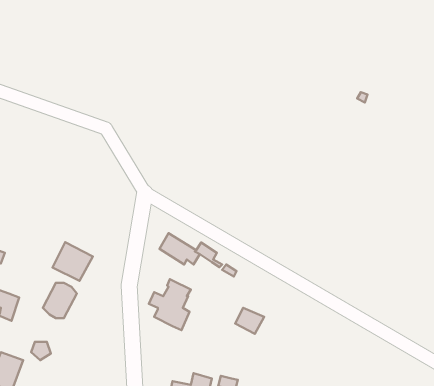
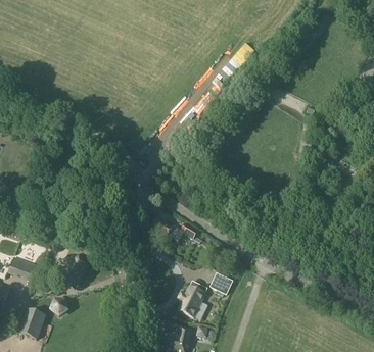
building: [53,242,93,281] -> none
building: [149,279,191,330] -> [175,280,207,319]

